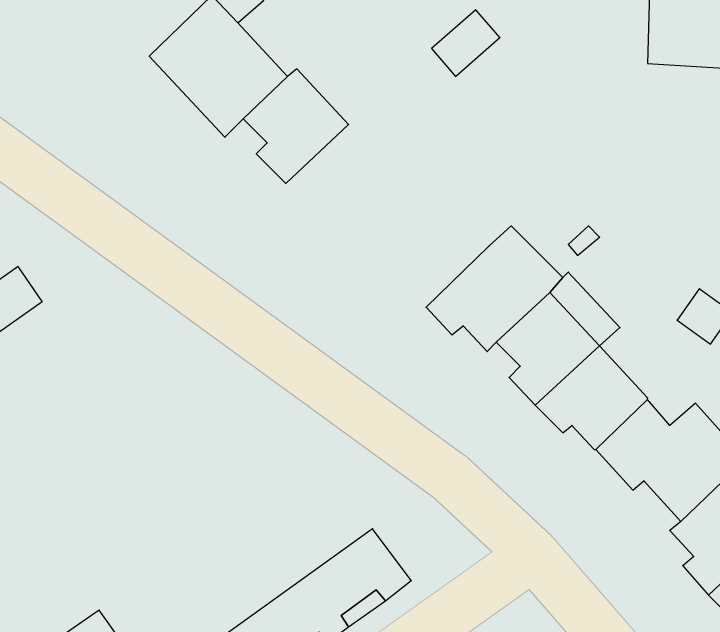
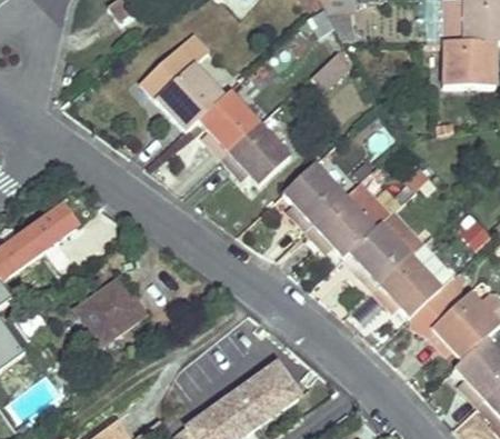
building: none -> [223,120,291,182]
building: none -> [282,160,346,230]
building: none -> [74,275,147,345]

